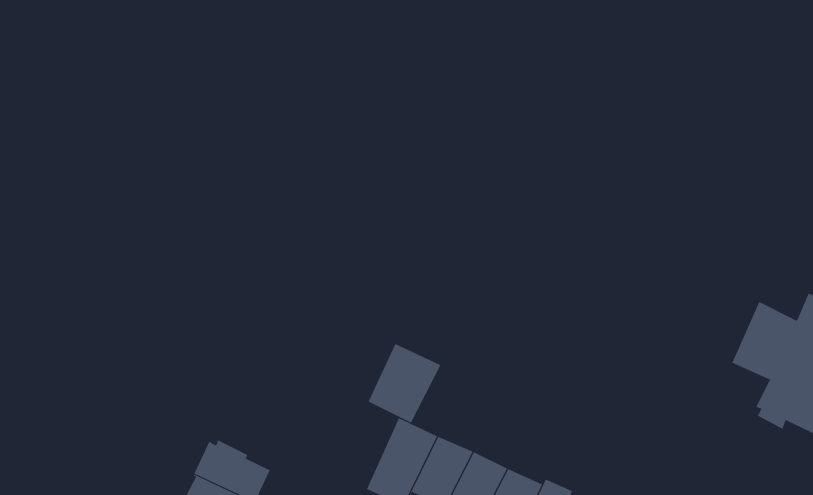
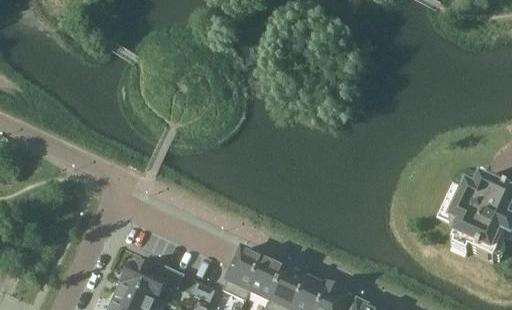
building: [368,343,441,423] -> none

